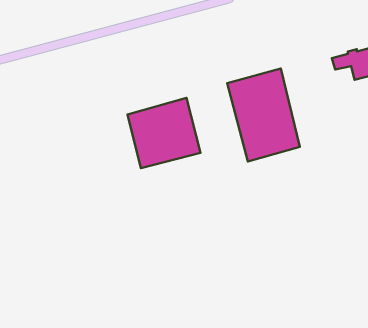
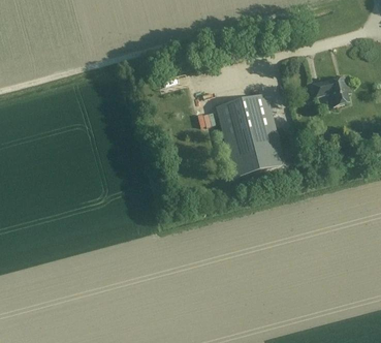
building: [128,98,200,168] -> none

